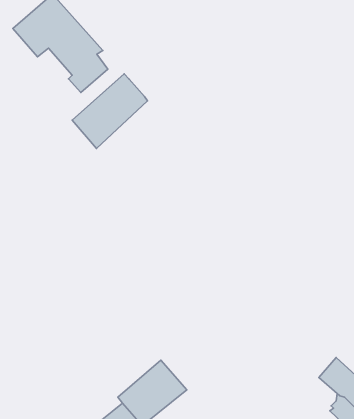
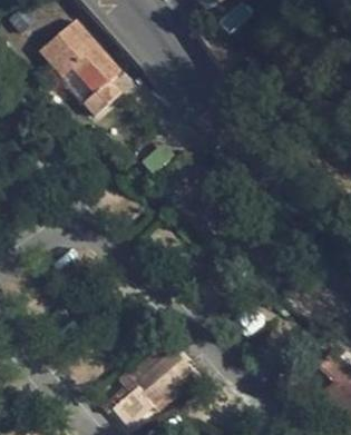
building: [72,74,148,148] -> none

